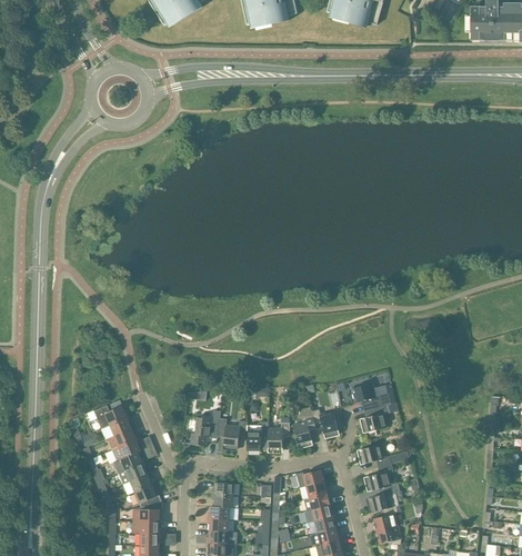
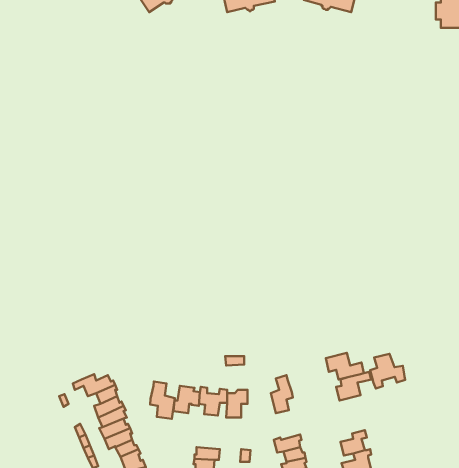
building: none -> [370,354,405,389]
building: [310,408,338,436] -> none
building: none -> [150,381,175,419]
building: [267,423,289,450] -> none
building: [359,444,391,467] -> none

